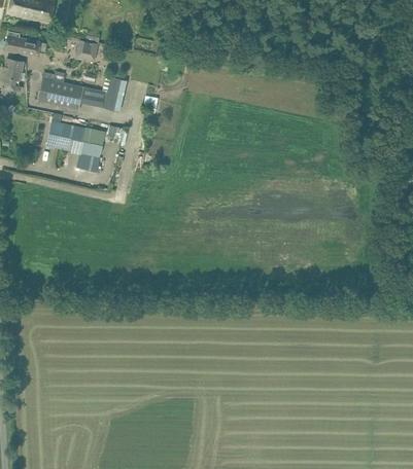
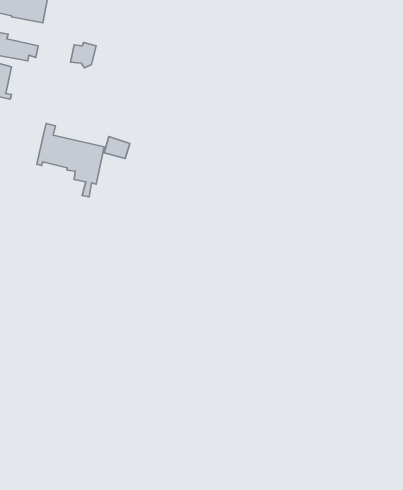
building: [37,71,125,111] -> none

